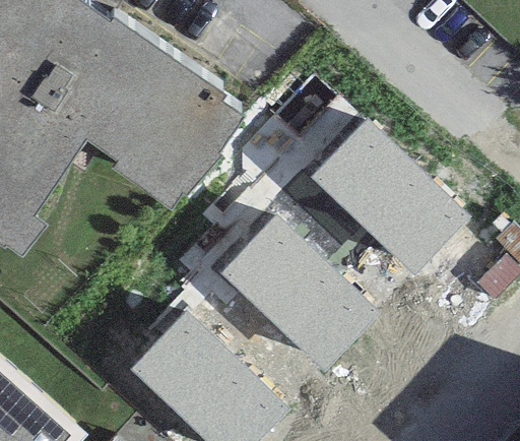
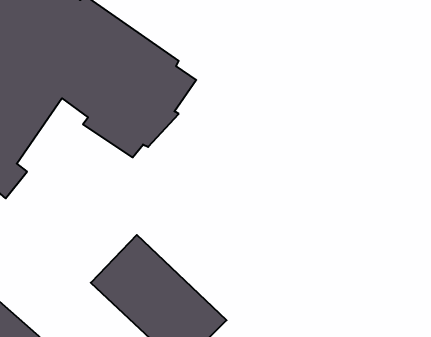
building: [308,116,467,272] -> none
building: [216,204,375,361] -> none

